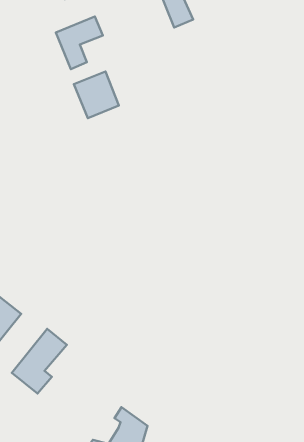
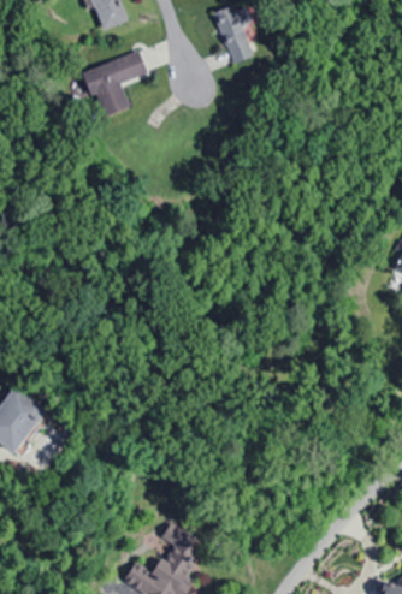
building: [74,71,119,118] -> none
building: [12,329,67,393] -> none

